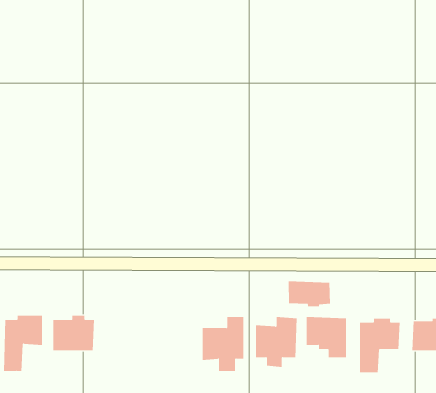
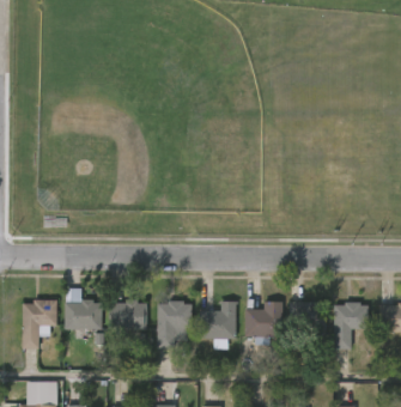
building: [288,281,330,307] -> none
building: none -> [108,299,147,330]
building: none -> [154,300,192,350]

